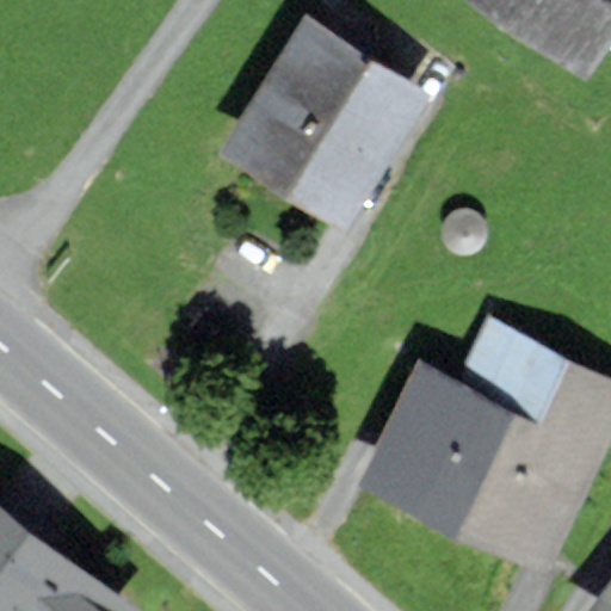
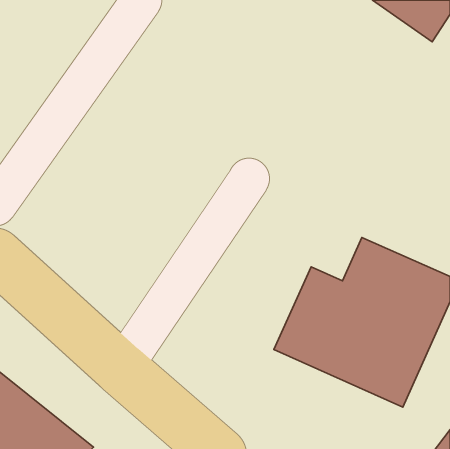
building: [228,21,416,214] -> none

